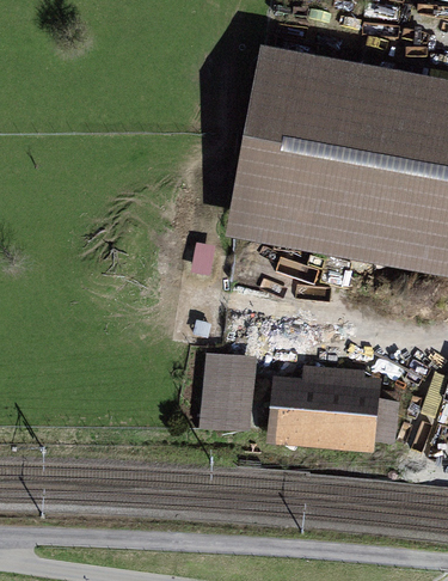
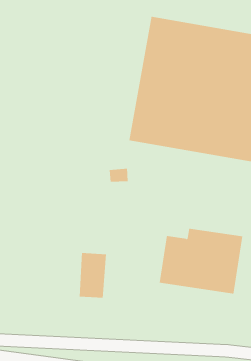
building: [208,351,248,418] -> [79,253,107,298]

